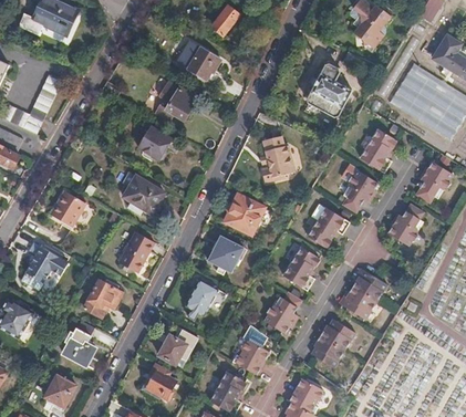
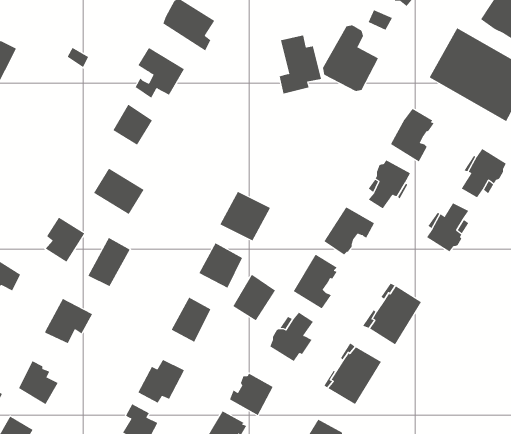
building: [260,135,294,183] -> [279,35,322,94]
building: [53,190,85,227] -> [45,217,85,263]
building: none -> [232,274,276,321]

